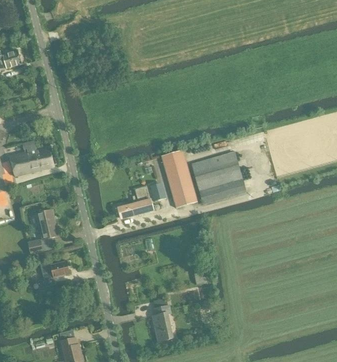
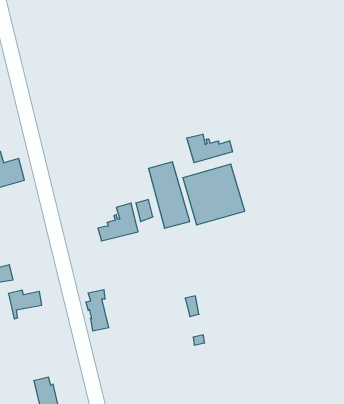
building: none -> [187,134,232,163]
building: [36,209,57,239] -> none
building: [152,305,172,341] -> [86,290,109,331]

